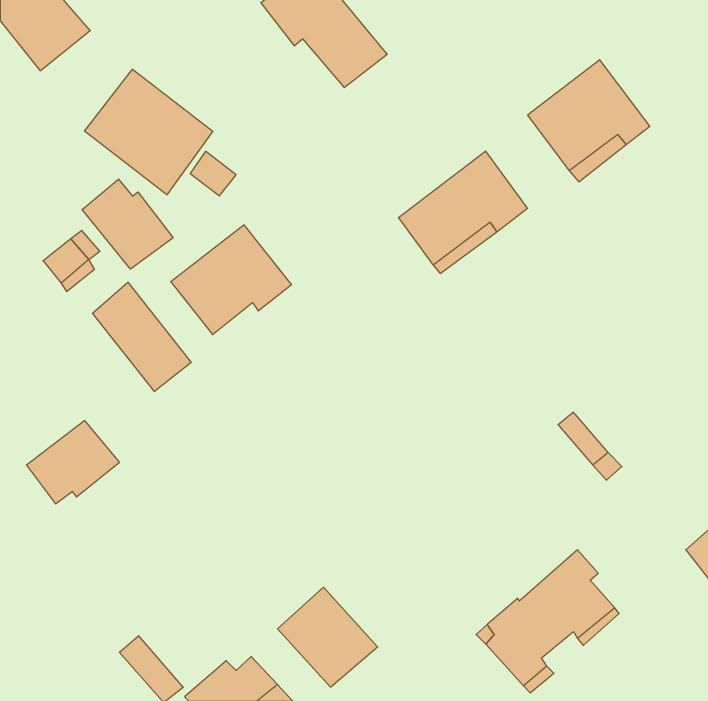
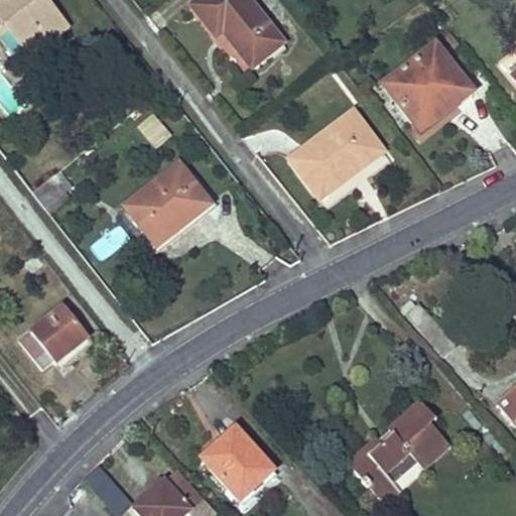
building: [85,69,213,195] -> none
building: [82,179,173,269] -> none
building: [93,282,191,391] -> none

